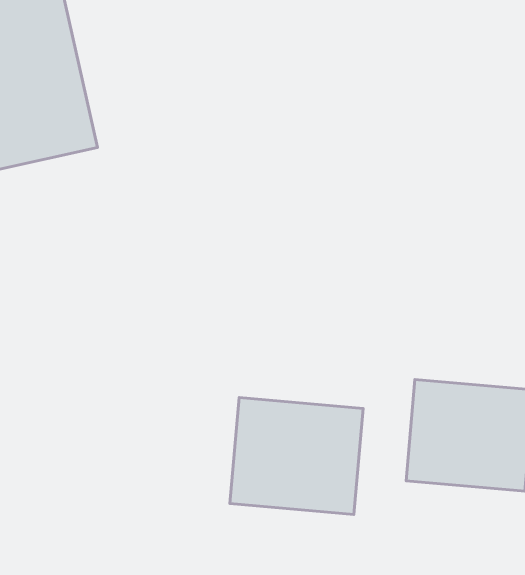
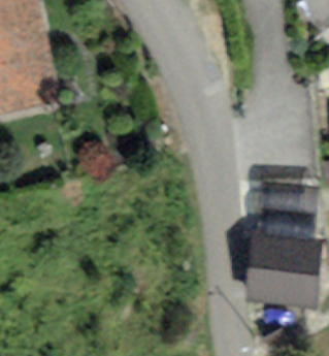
building: [230,397,363,514] -> none

